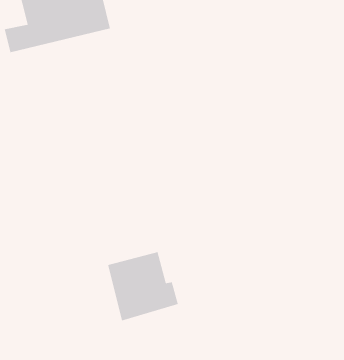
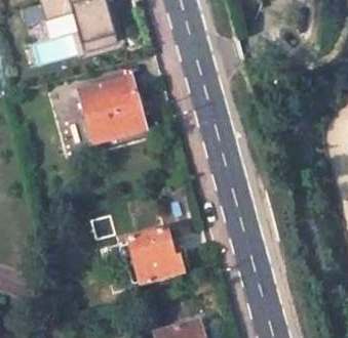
building: none -> [76,80,138,145]

